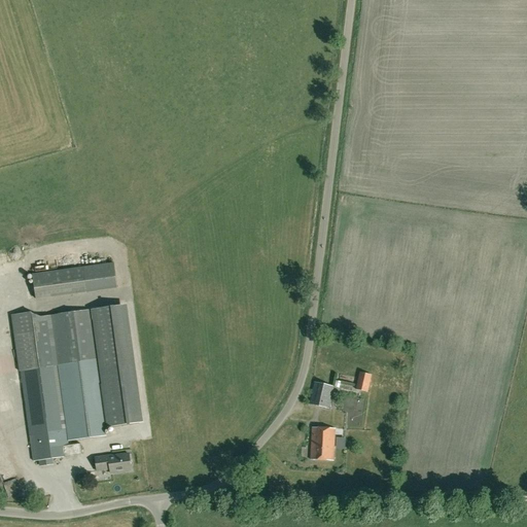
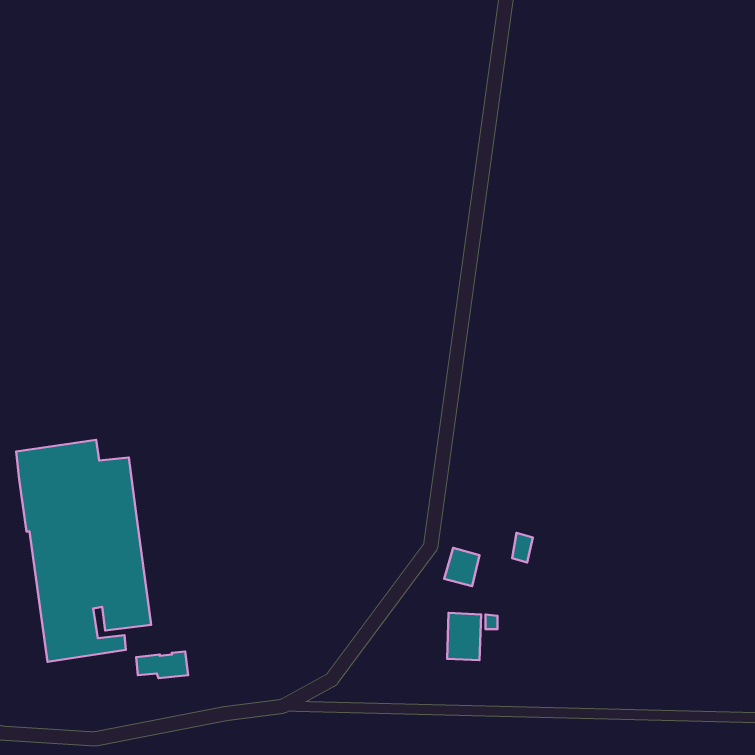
building: [33,261,118,297] -> none
building: [92,304,138,426] -> none

